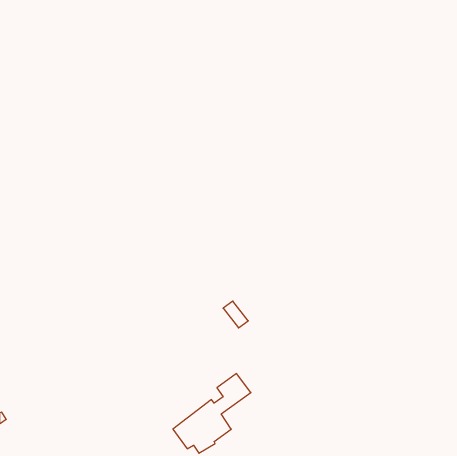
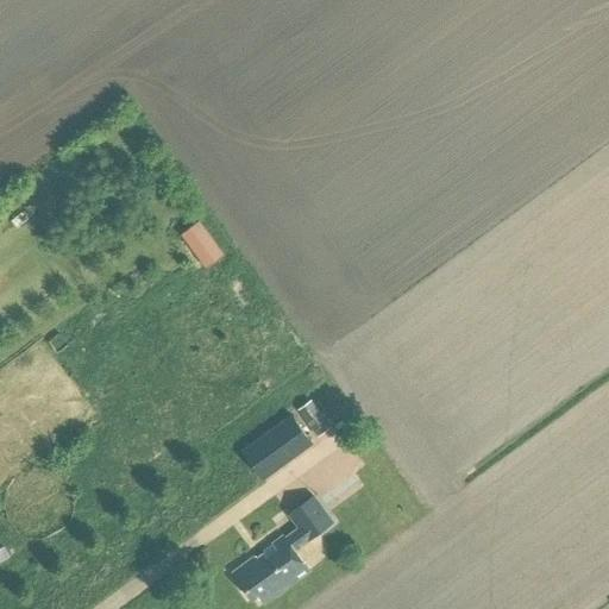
building: none -> [180,222,222,270]
building: none -> [255,416,312,471]

